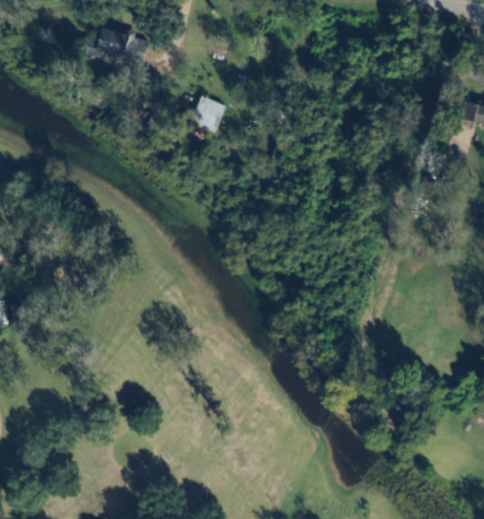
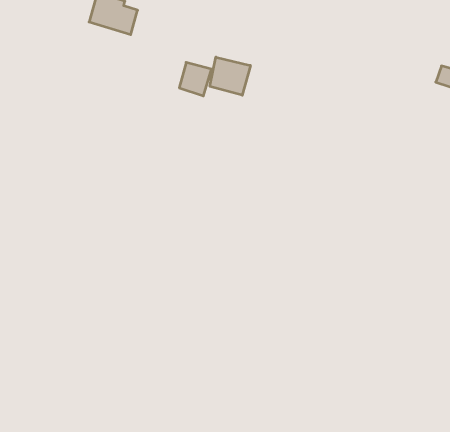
building: none -> [210,57,250,95]

